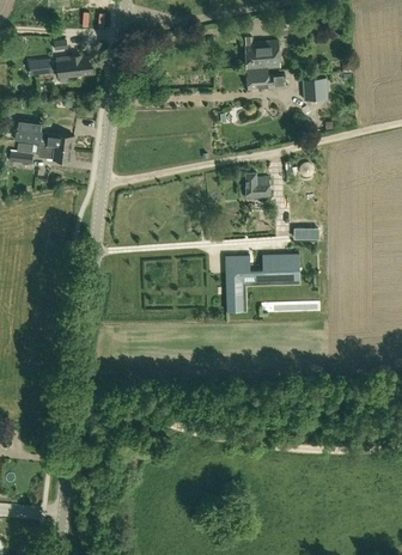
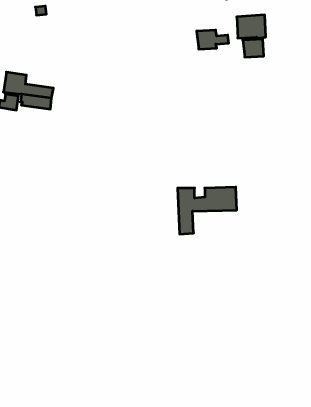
building: [245,41,280,68] -> [237,15,266,38]
building: [35,54,93,75] -> none
building: [245,172,269,199] -> none

